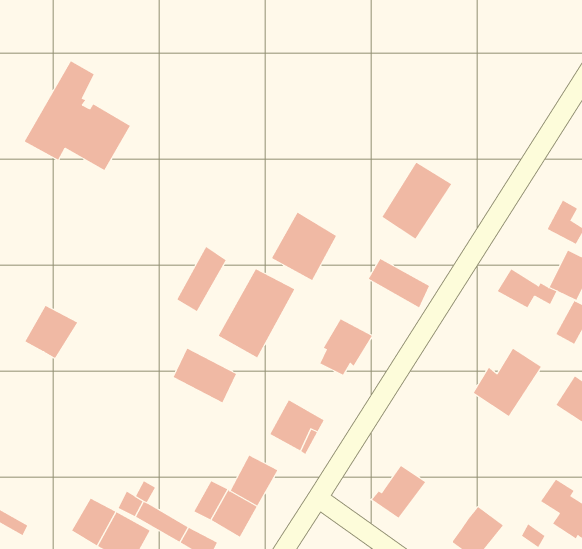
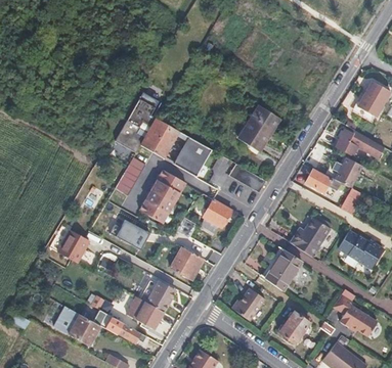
building: [24,60,131,171] -> [116,93,179,158]
building: [25,305,78,359] -> [58,231,90,263]
building: none -> [262,247,298,287]

